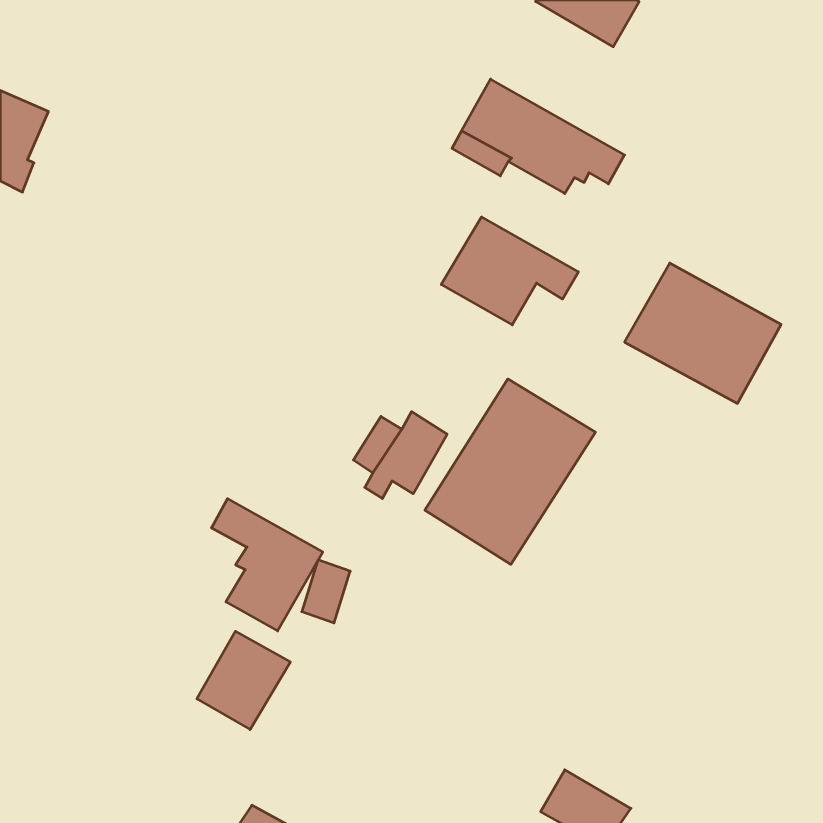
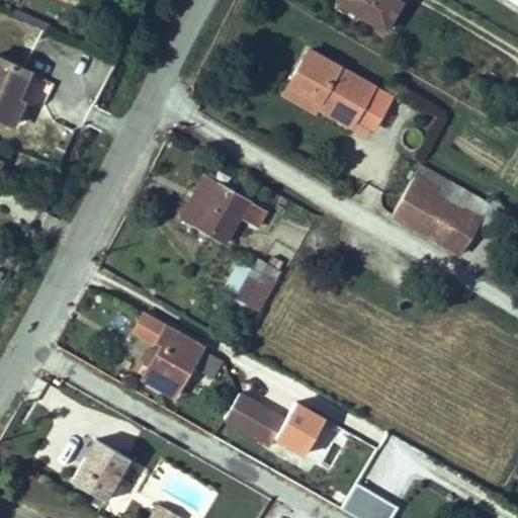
building: [441,217,578,325] -> [181,176,267,244]
building: [425,379,595,564] -> none
building: none -> [225,394,325,455]
building: [197,631,290,730] -> [72,439,131,501]

